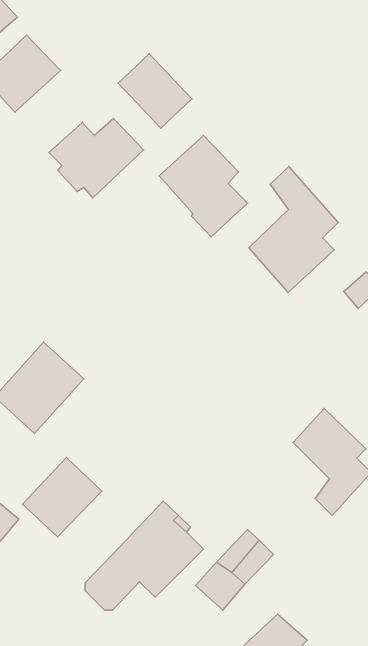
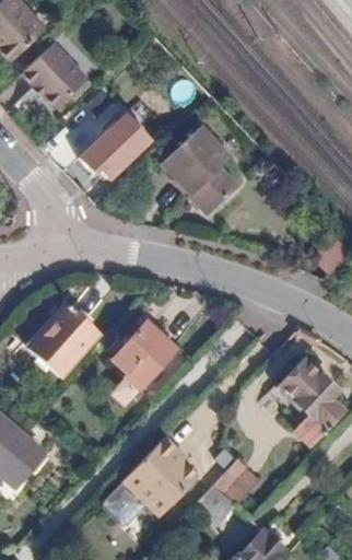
building: [118,54,192,128] -> none
building: [249,166,338,292] -> none
building: [22,457,102,537] -> [114,319,180,386]

